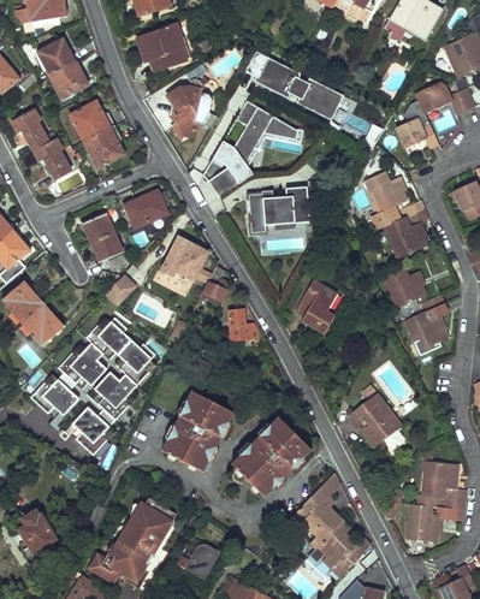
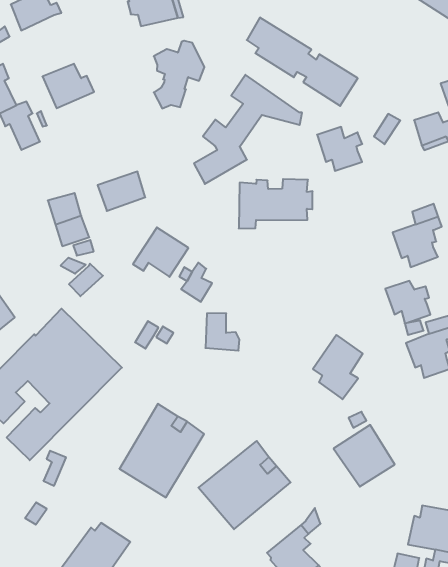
building: [48,61,89,101] -> none
building: [84,125,125,168] -> none
building: [363,171,404,209] -> [317,127,362,171]
building: [296,278,338,333] -> [313,335,363,399]

